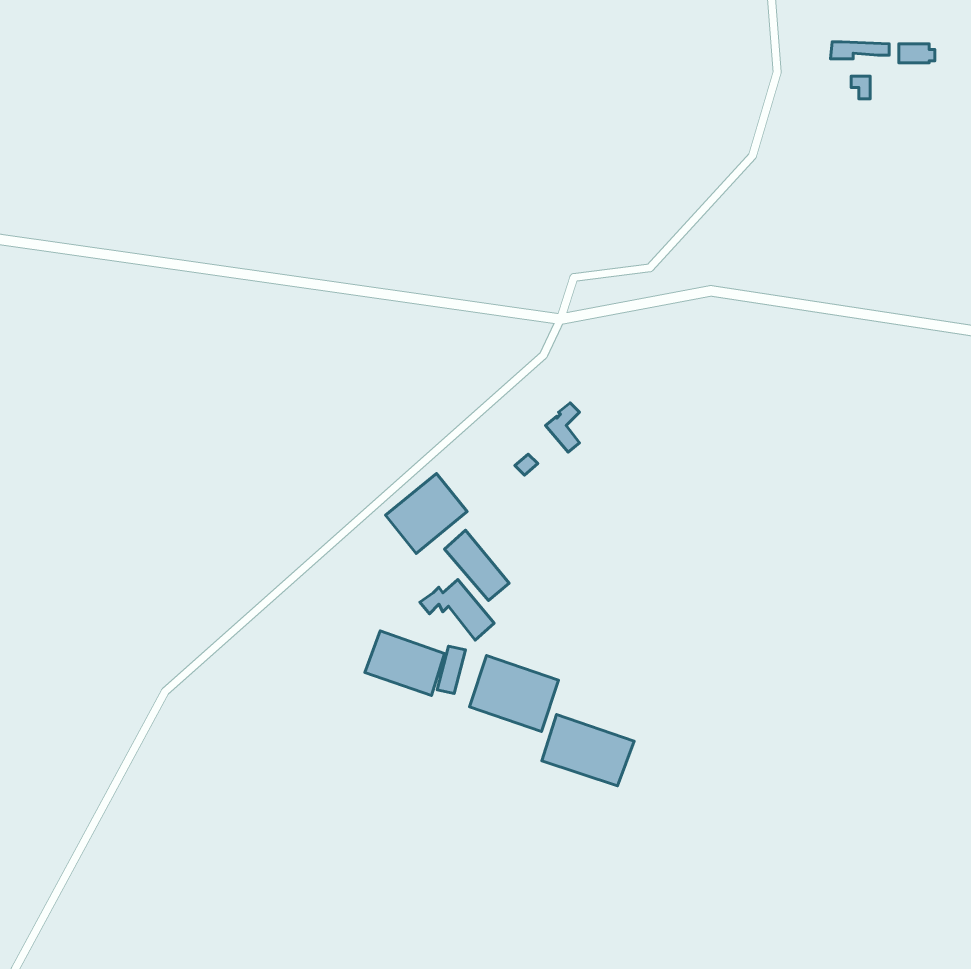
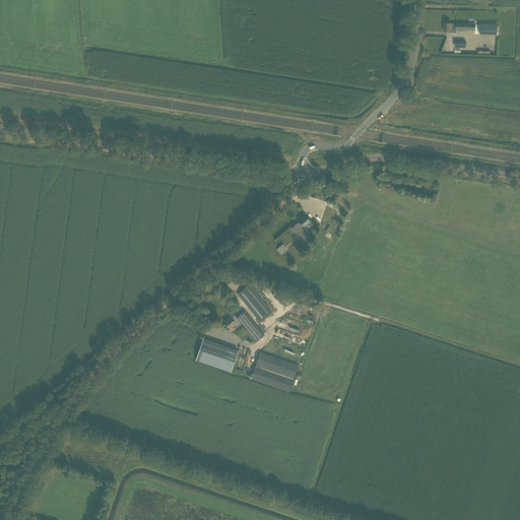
building: [385,473,467,553] -> none
building: [542,715,634,786] -> none

